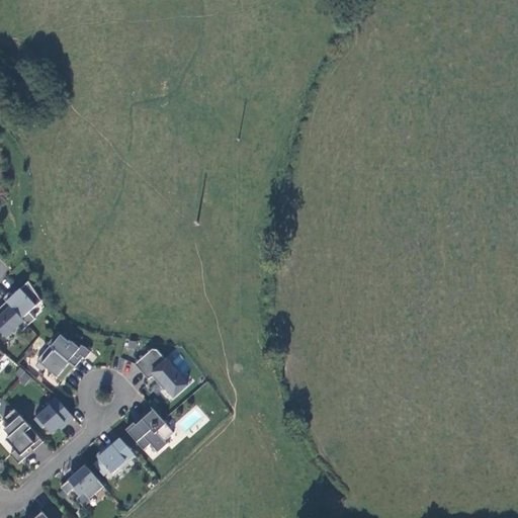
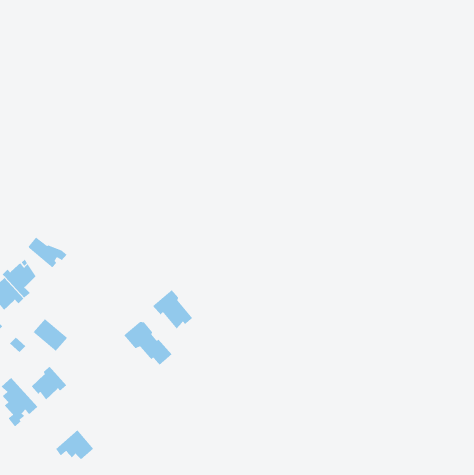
building: none -> [152,289,193,329]
building: [47,332,90,366] -> [27,237,68,268]
building: [124,407,173,452] -> none
building: [93,439,134,474] -> none

